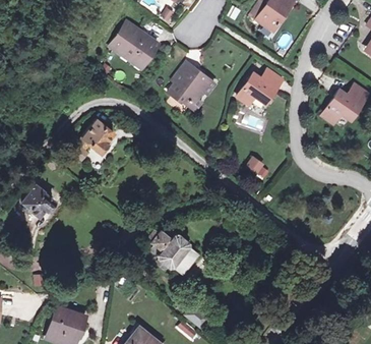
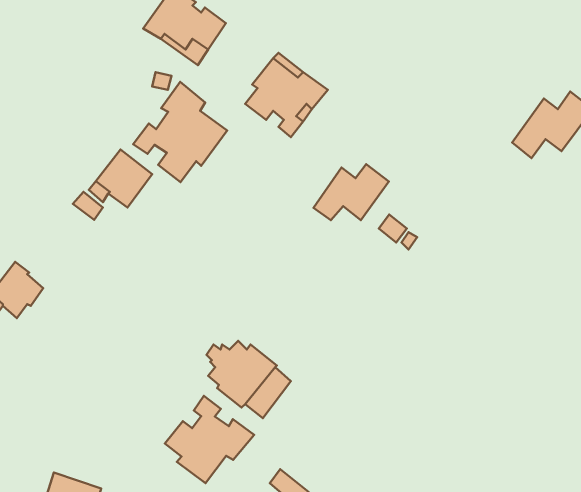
building: [239,69,283,102] -> [313,164,389,220]
building: none -> [133,82,227,182]
building: none -> [165,396,254,483]

